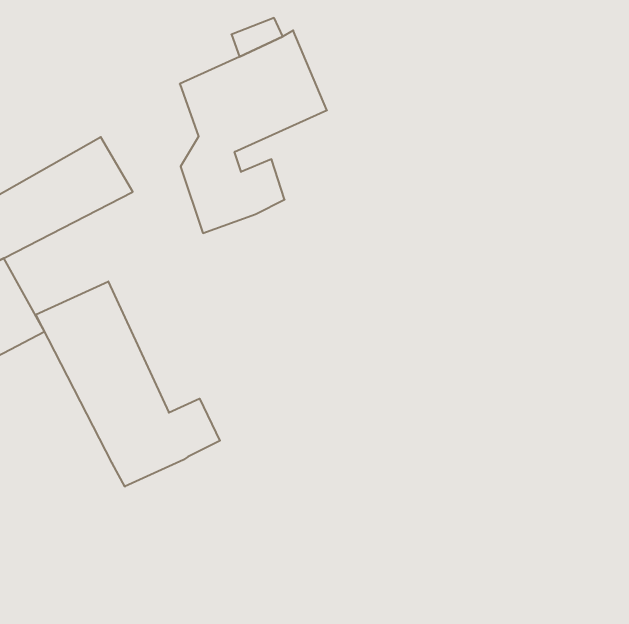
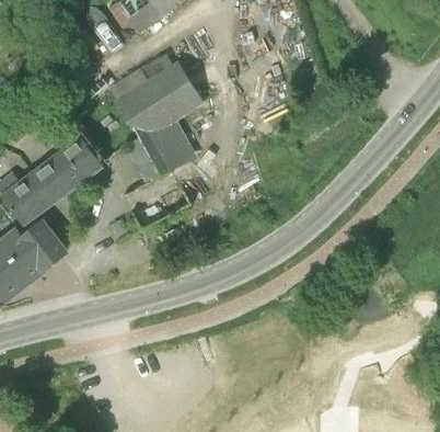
building: [36,281,220,487] -> none

